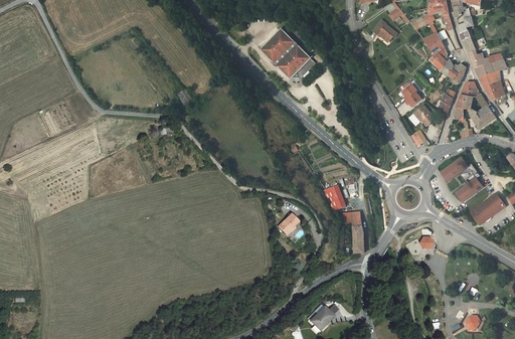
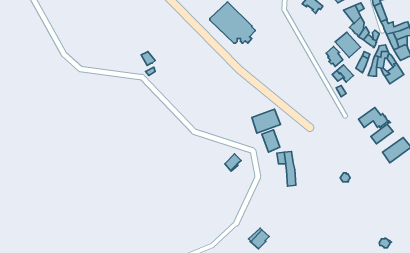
building: none -> [335,32,360,58]
building: none -> [252,109,280,133]

